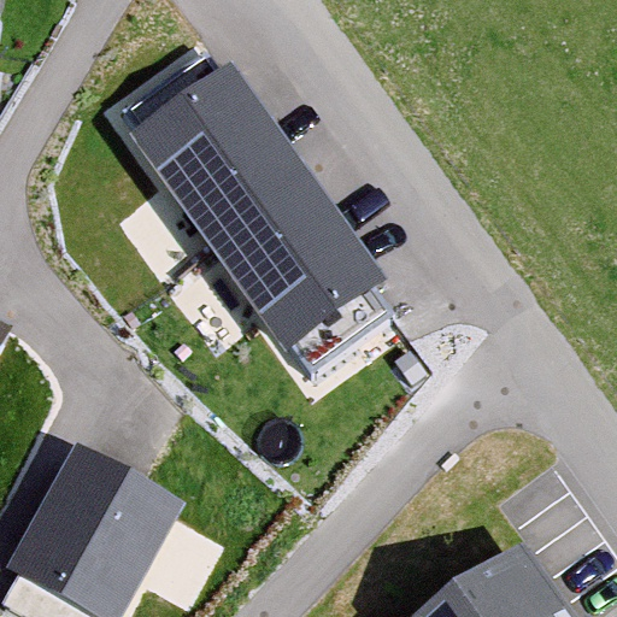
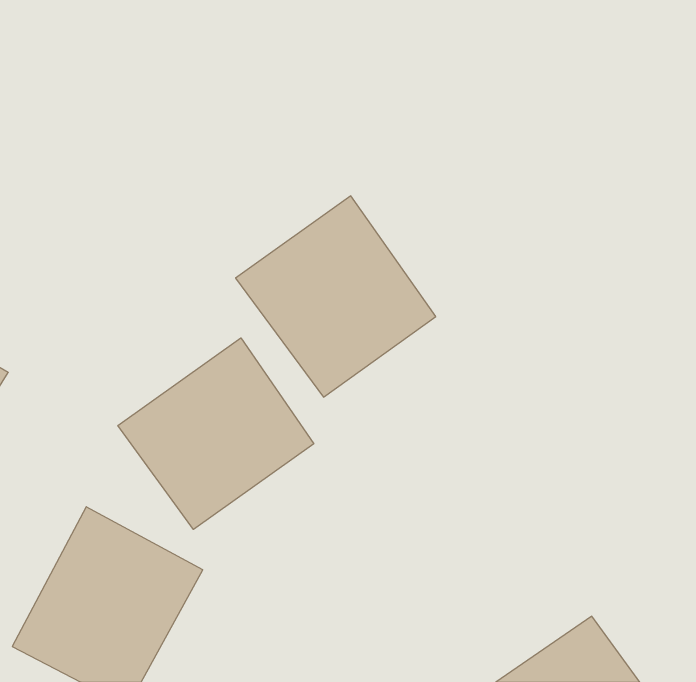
building: [128,61,308,245] -> none
building: none -> [118,338,314,529]

